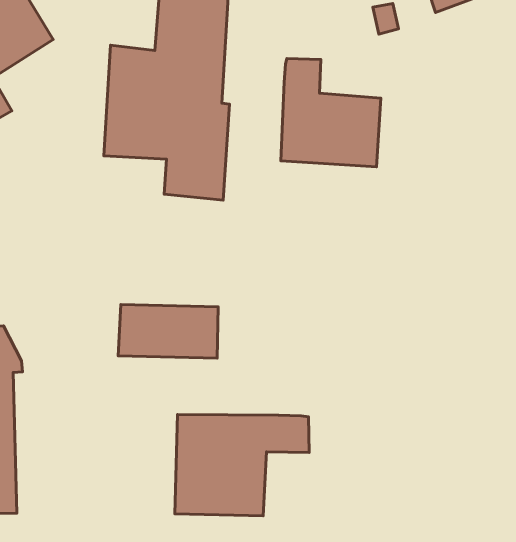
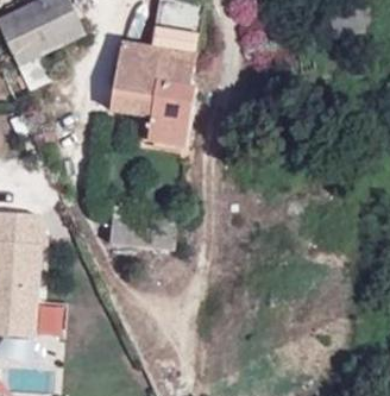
building: [281,59,381,167] -> none
building: [175,414,309,516] -> none

